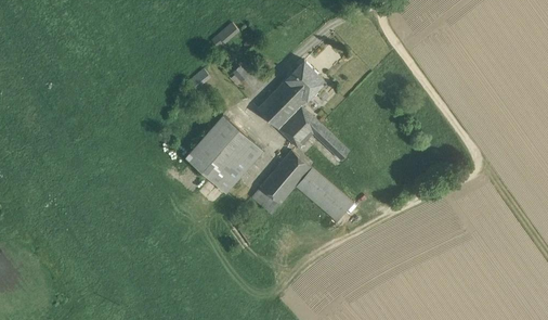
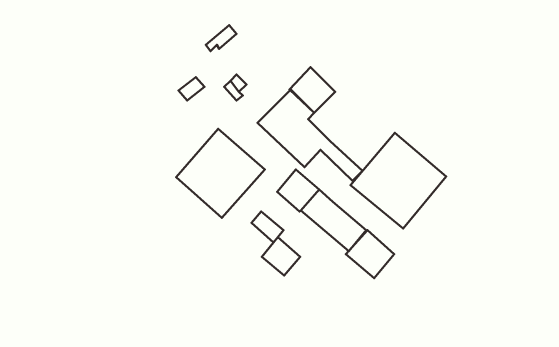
building: none -> [350,133,446,228]
building: [260,169,293,203] -> [262,237,300,275]
building: none -> [346,230,394,278]

